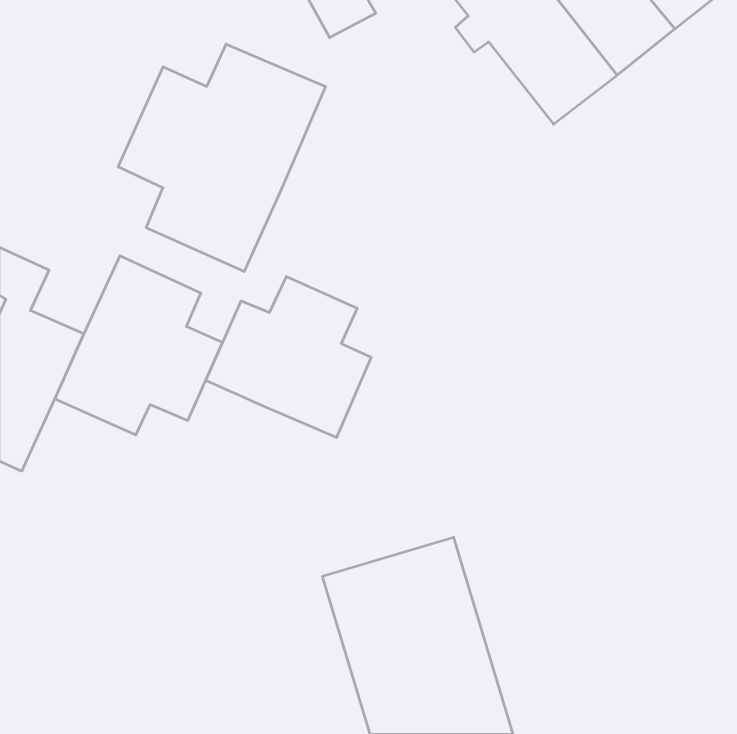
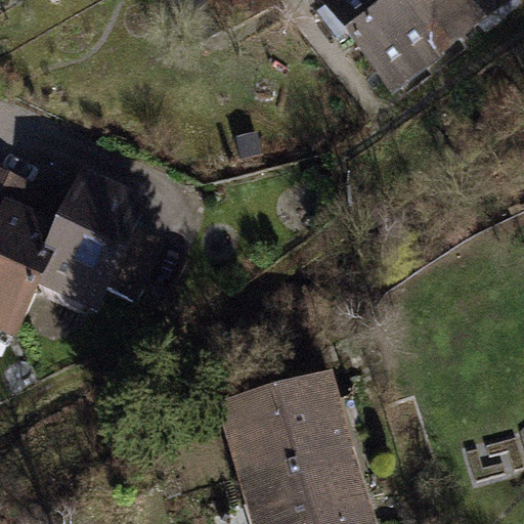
building: [118,44,325,272] -> none
building: [206,276,371,438] -> none

